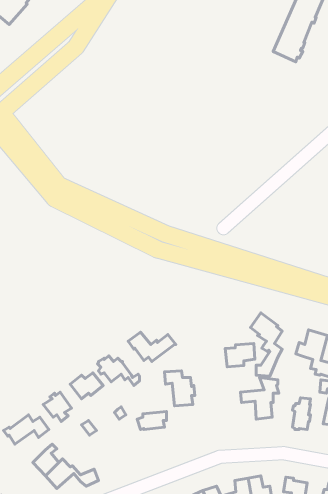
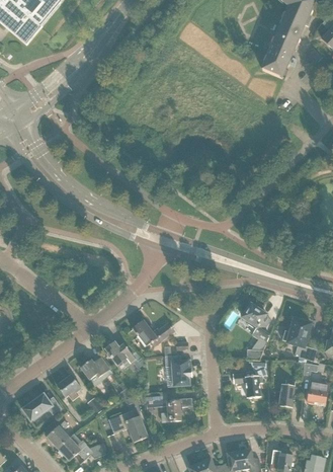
building: [225,343,255,367] -> none
building: none -> [166,396,197,419]
building: none -> [107,408,147,441]

